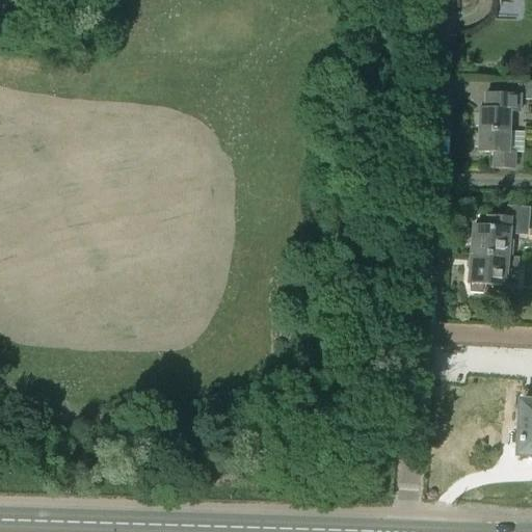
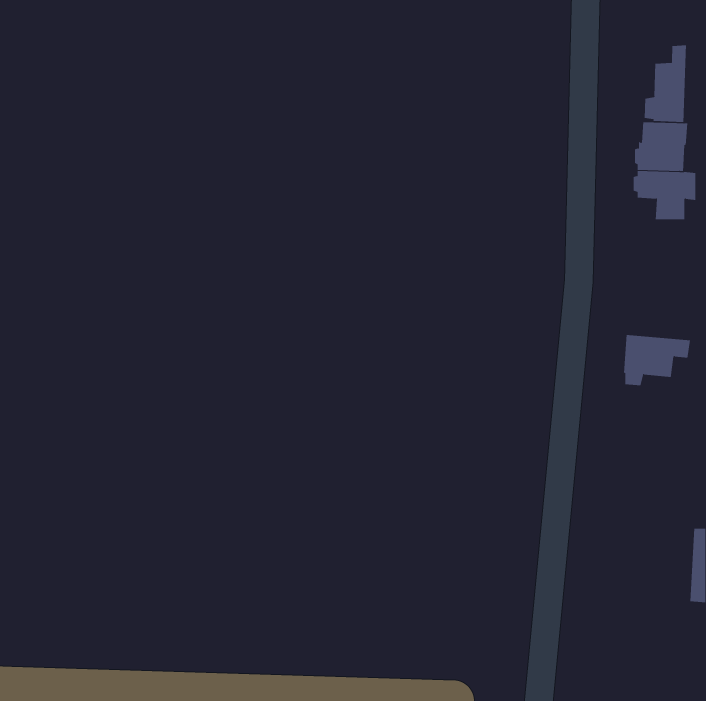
building: none -> [644,45,686,123]
building: [471,214,523,255] -> none

